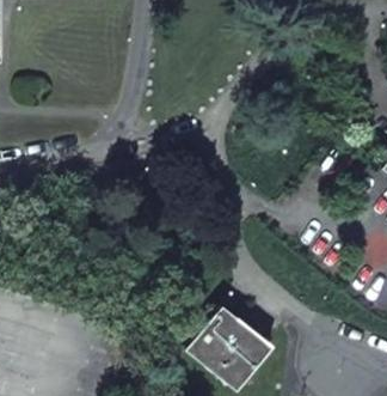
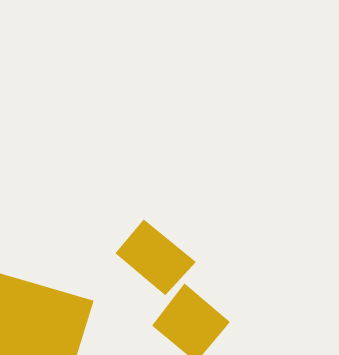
building: none -> [115,218,197,296]

